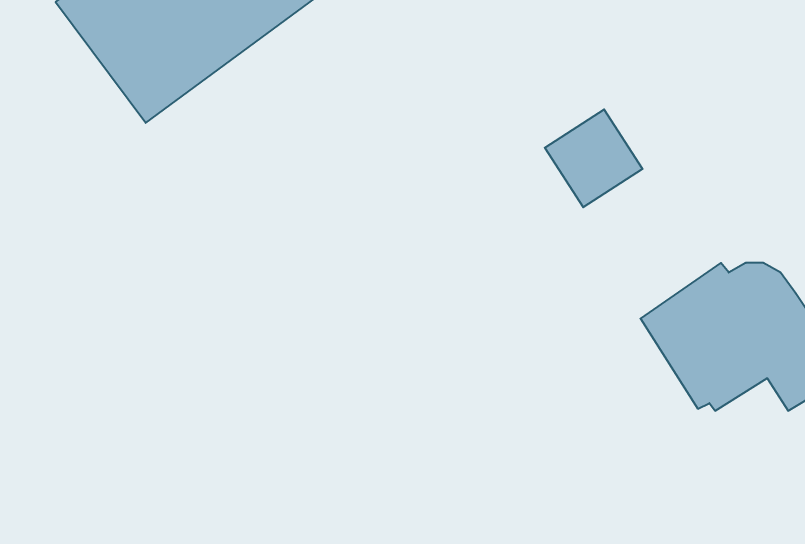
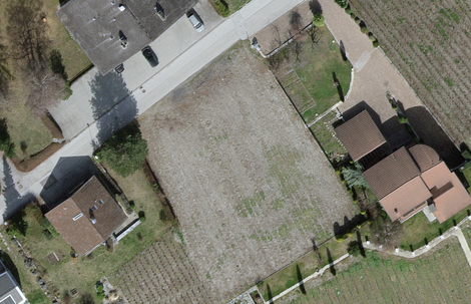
building: [545,109,643,207] -> [334,110,385,162]
building: none -> [44,170,133,259]

